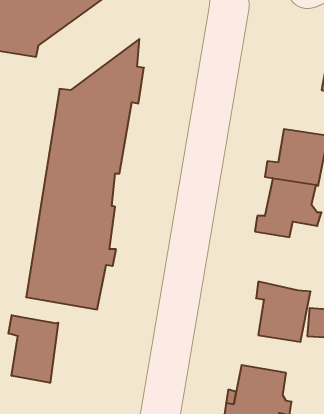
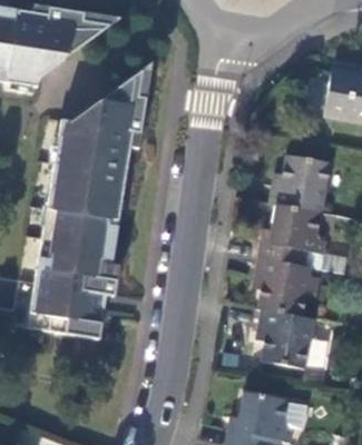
building: none -> [255,259,319,318]
building: [8,315,58,383] -> none

